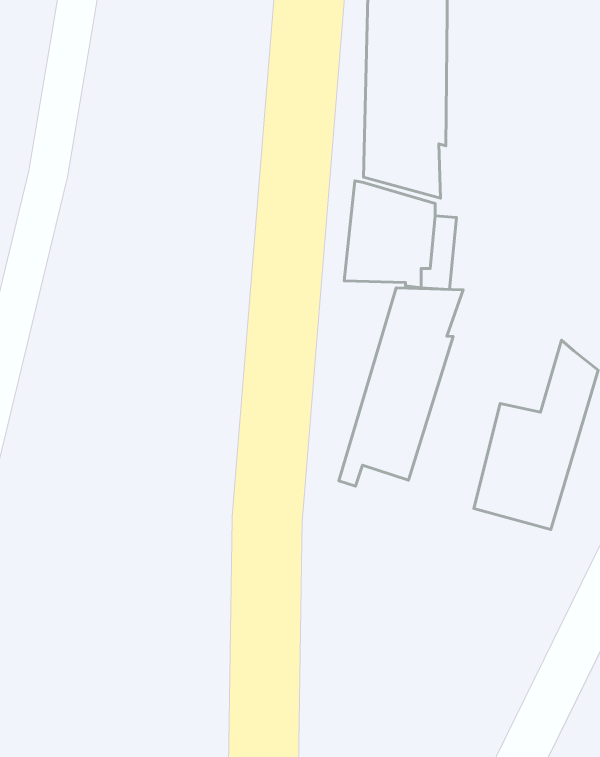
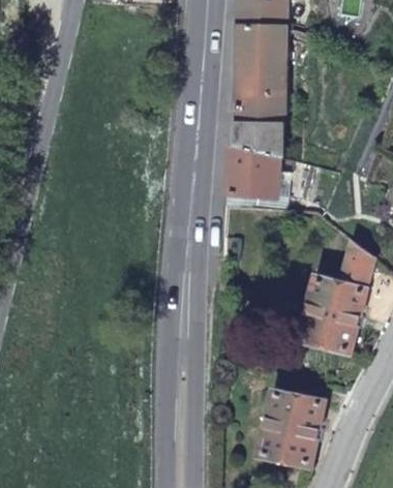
building: [339,288,463,486] -> none
building: none -> [261,390,324,464]

